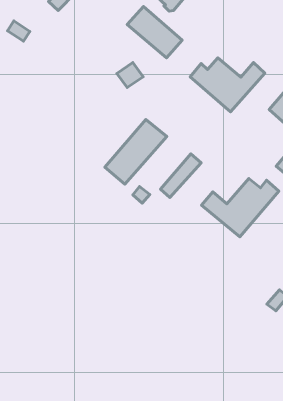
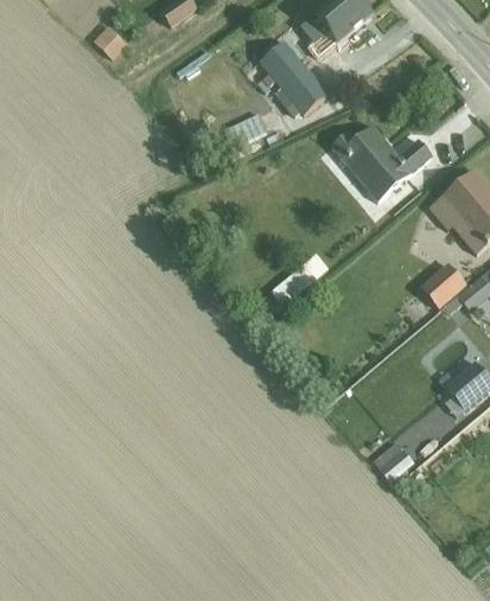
building: [105,119,167,184] -> none
building: [202,178,279,237] -> none

